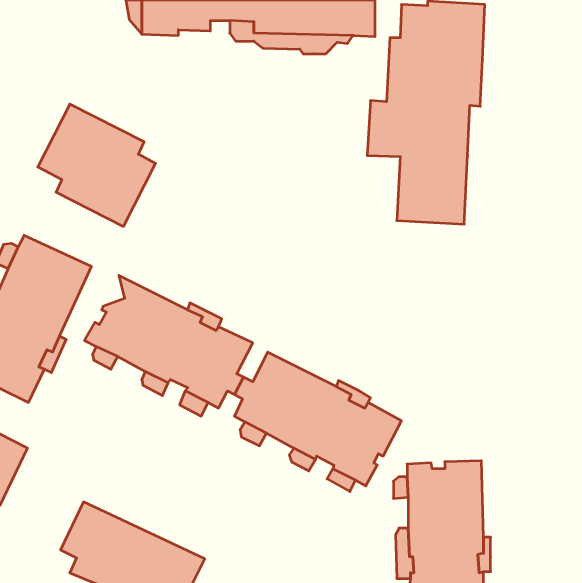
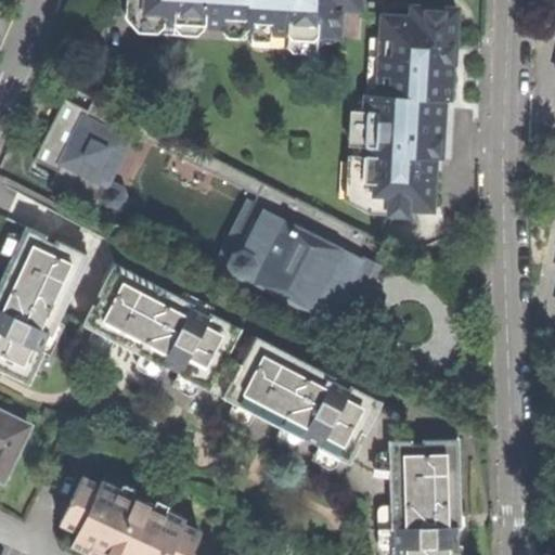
building: none -> [218,198,370,323]

